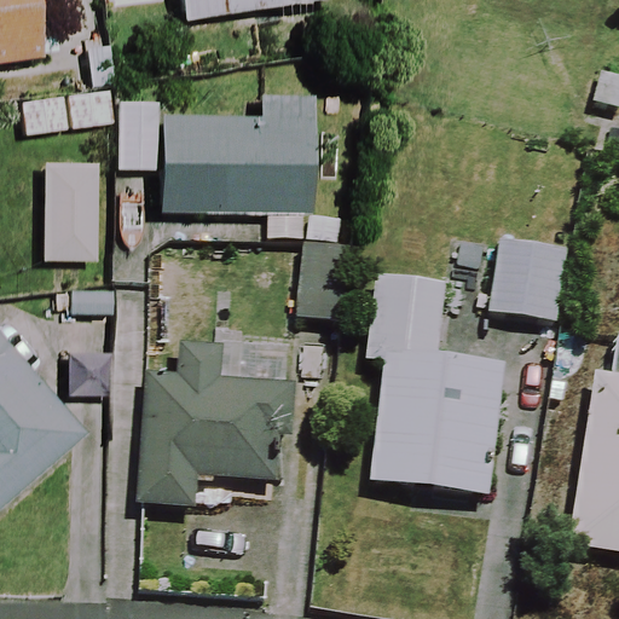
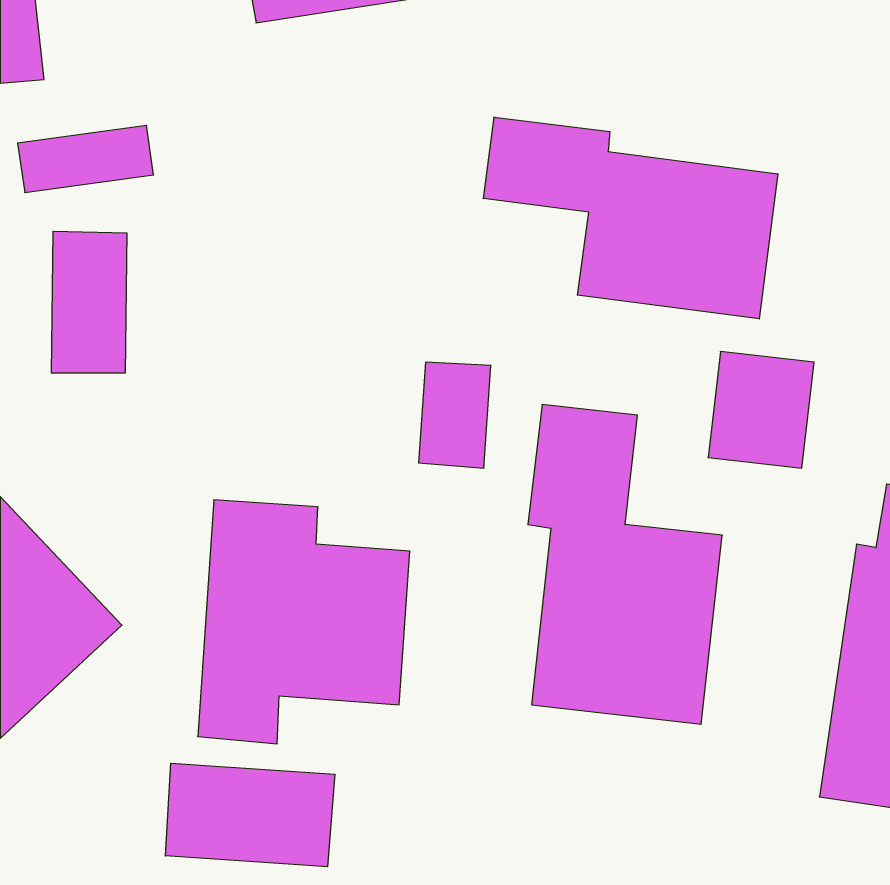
building: none -> [483,117,778,319]
building: [117,96,340,239] -> none
building: none -> [165,763,335,867]

